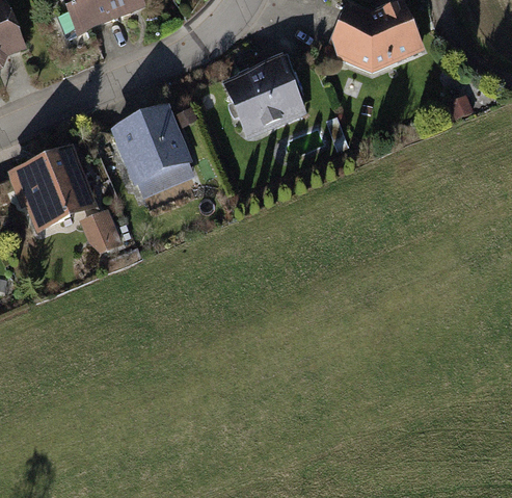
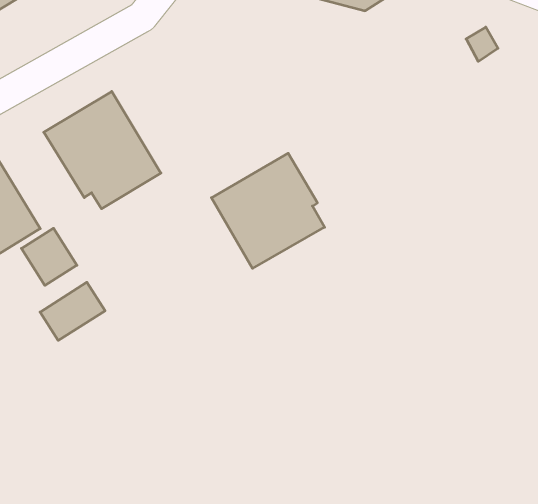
building: [222,54,307,140] -> [211,153,325,268]
building: none -> [40,282,105,340]

